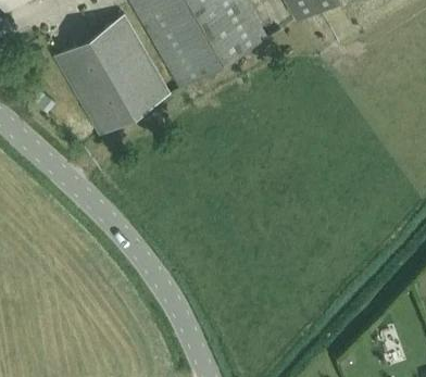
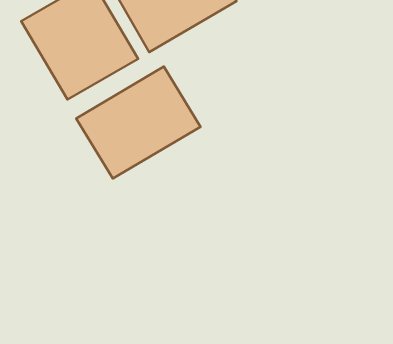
building: none -> [76,67,200,179]

